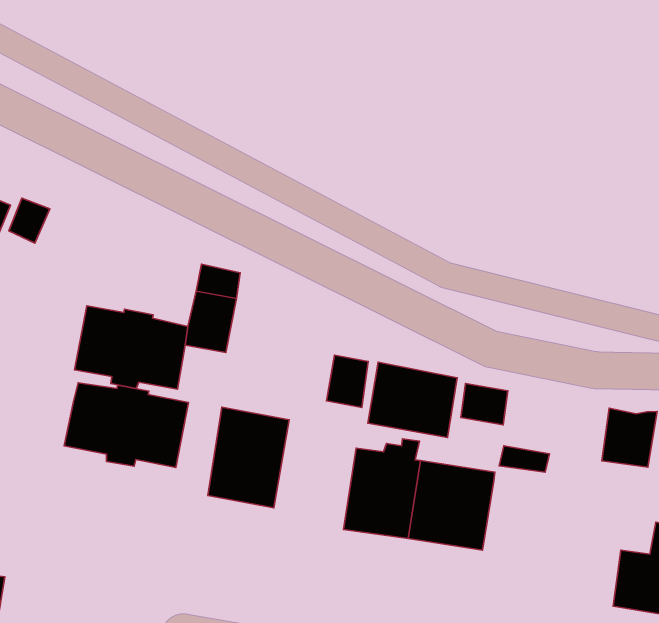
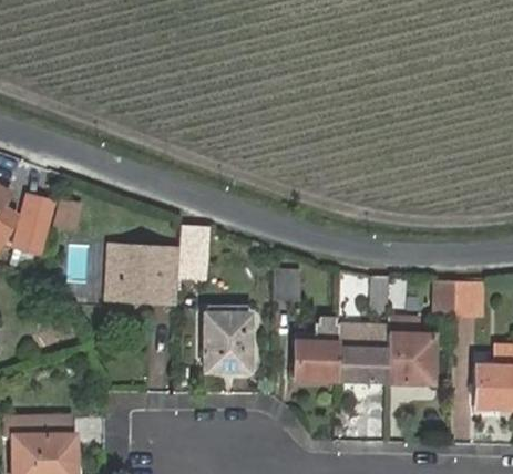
building: [368,362,457,437] -> none
building: [64,383,188,467] -> none
building: none -> [384,336,431,382]

